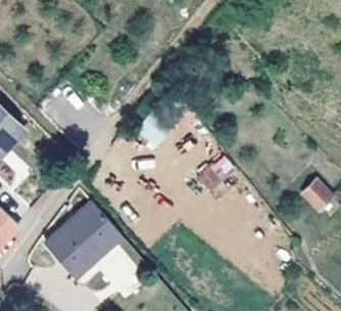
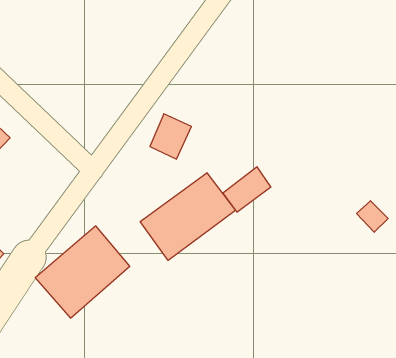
building: none -> [140,173,235,260]

